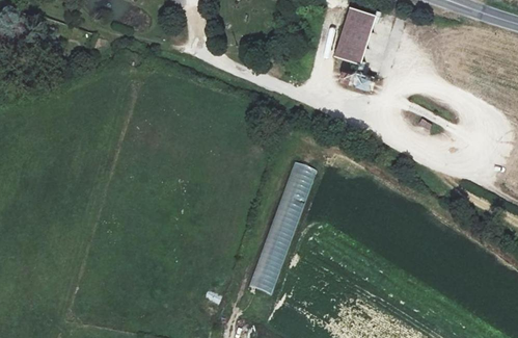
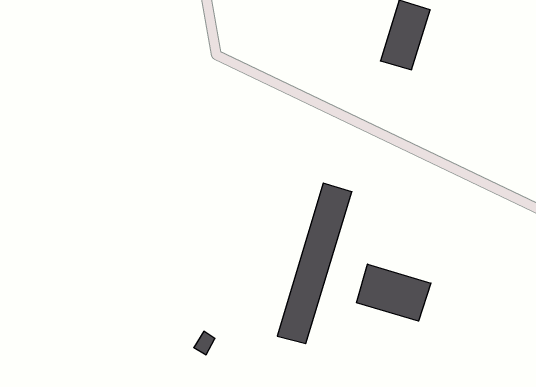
building: none -> [356,264,431,321]

